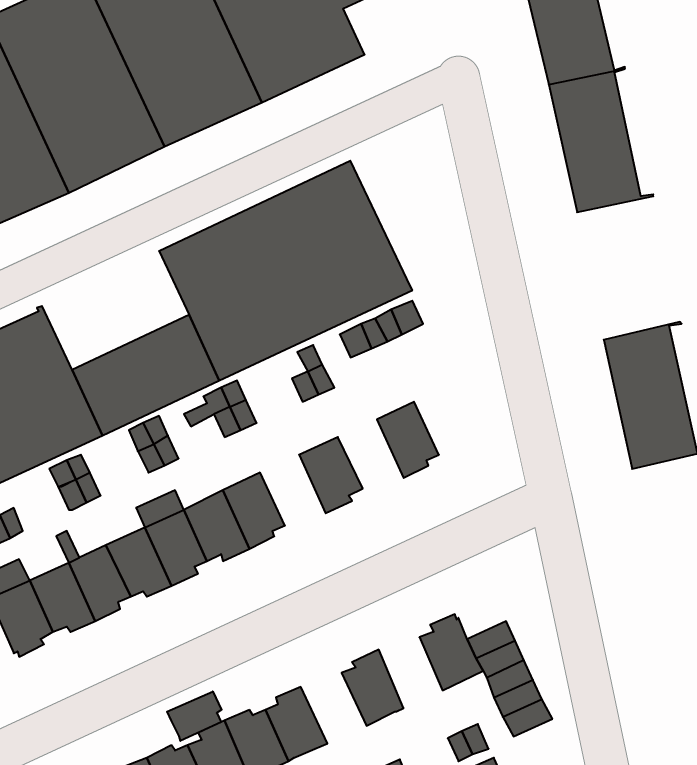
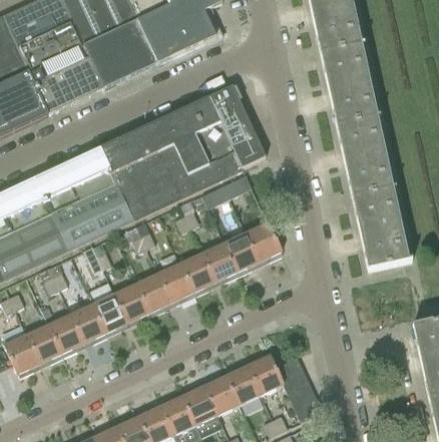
building: none -> [209,85,267,167]
building: none -> [338,116,396,197]
building: none -> [35,147,118,214]
building: none -> [246,223,283,263]
building: none -> [202,243,240,282]
building: none -> [158,263,195,303]
building: none -> [226,366,262,406]
building: none -> [181,386,218,426]
building: [167,691,222,741] -> none

